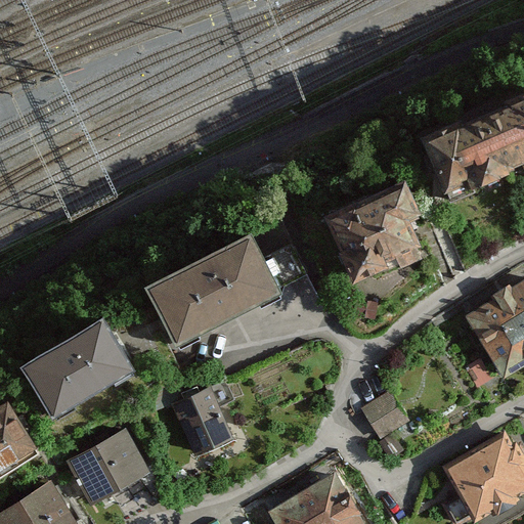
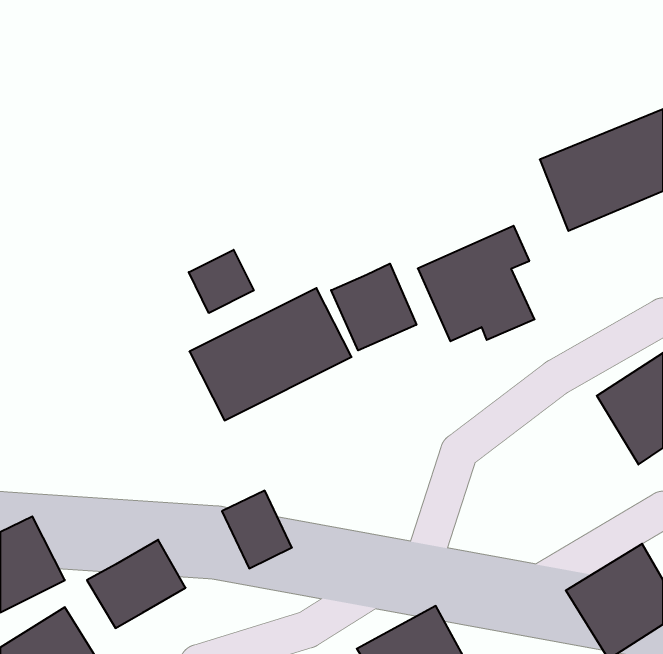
building: none -> [189,250,254,313]
building: none -> [331,264,416,350]
building: [24,320,129,413] -> none
building: [363,397,408,443] -> none

